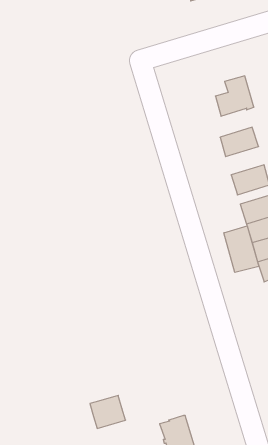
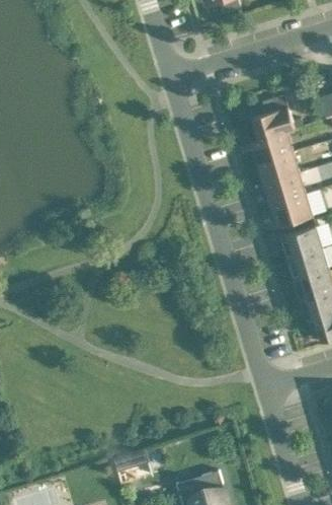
building: none -> [251,130,294,162]
building: none -> [264,172,307,204]
building: [224,226,259,272] -> none

